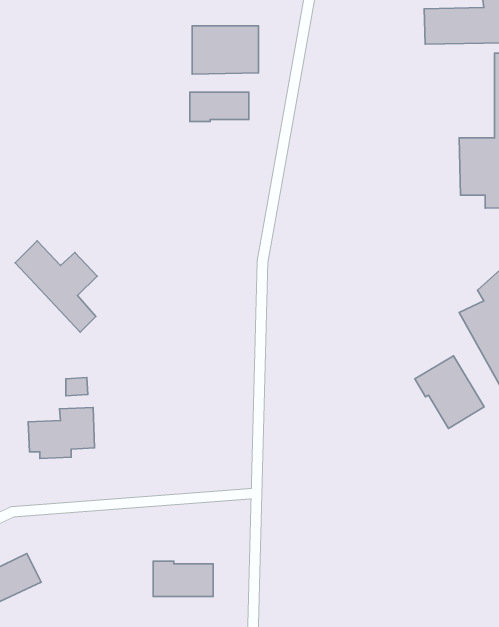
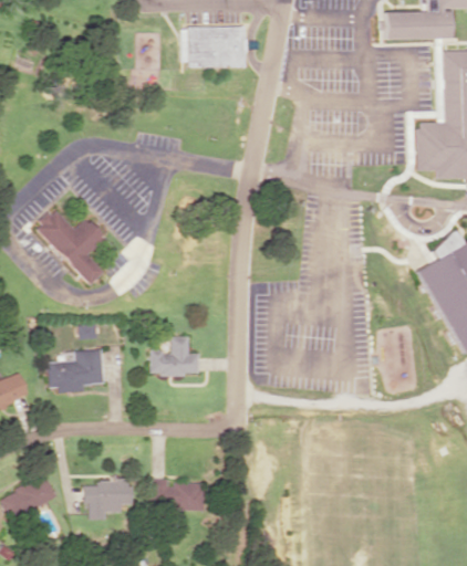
building: [190,92,249,122] -> none
building: [415,356,484,428] -> none
building: none -> [153,337,201,376]
building: none -> [85,479,133,520]

